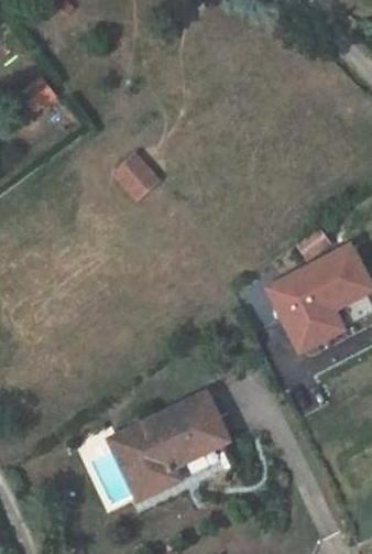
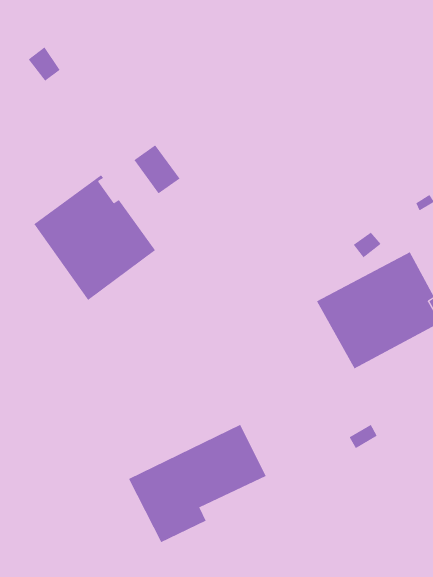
building: none -> [33,175,156,301]

